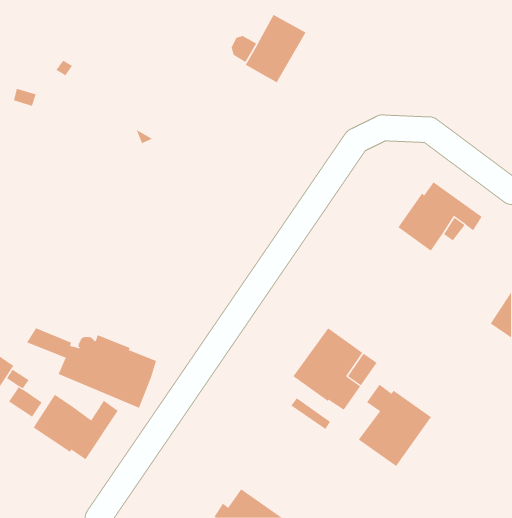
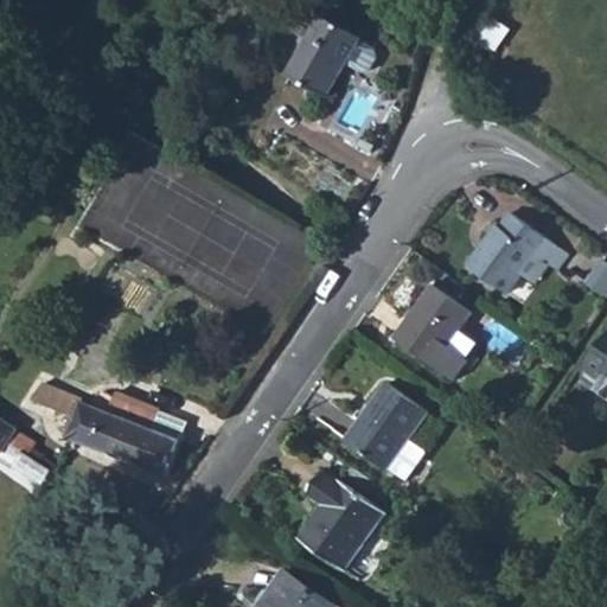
building: none -> [392,285,469,381]
building: [358,384,432,467] -> [295,473,382,570]
building: [33,394,118,460] -> none

